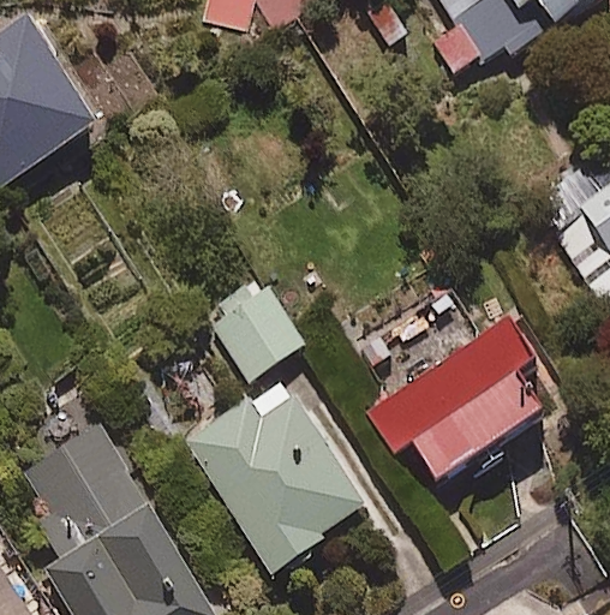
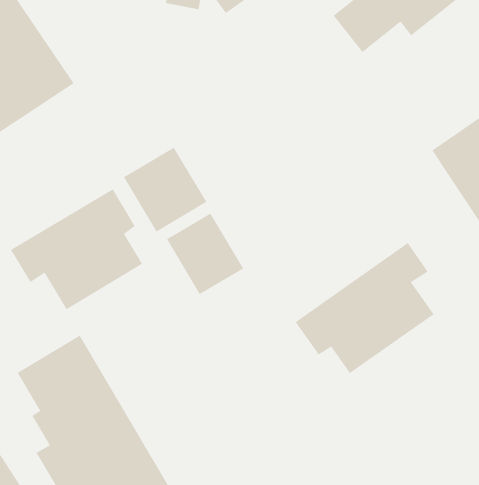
building: none -> [123,147,207,232]
building: none -> [10,189,143,310]
building: [186,377,366,568] -> none

